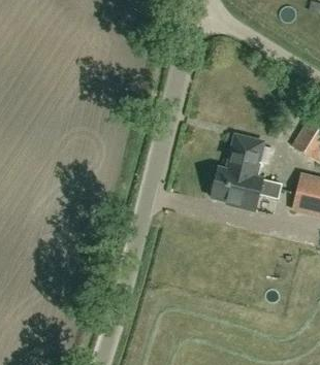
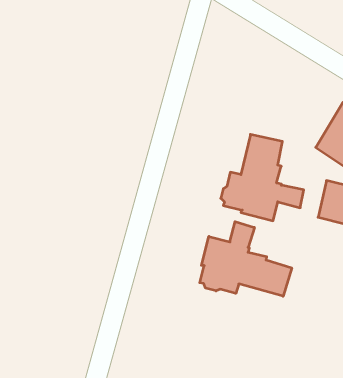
building: none -> [200,222,292,296]

